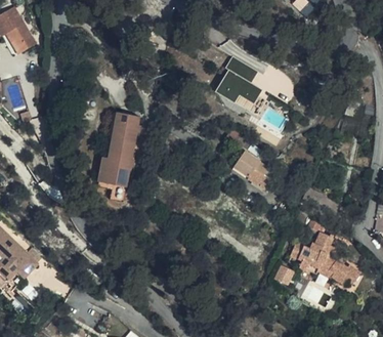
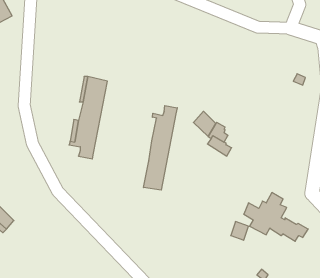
building: [216,55,262,102] -> none
building: none -> [144,106,177,190]

